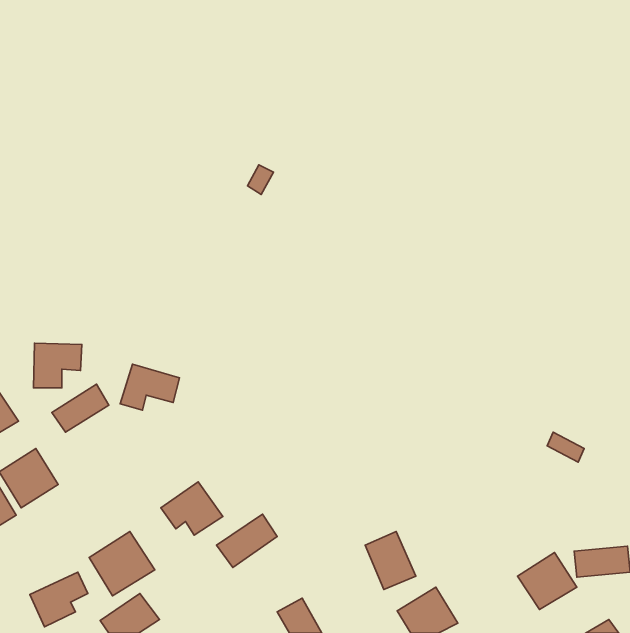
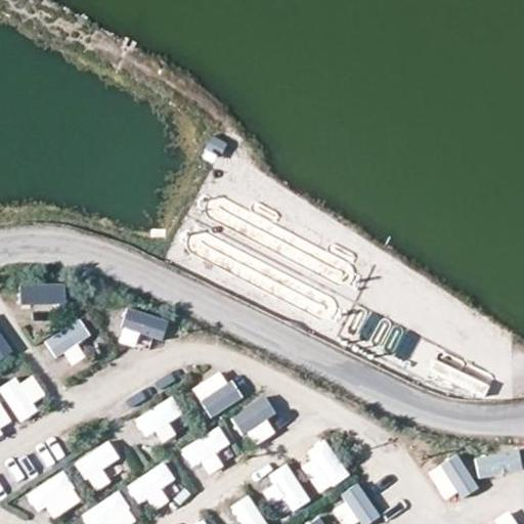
building: none -> [194,376,239,419]
building: none -> [232,398,280,447]
building: none -> [129,463,174,514]
building: none -> [267,463,311,517]

